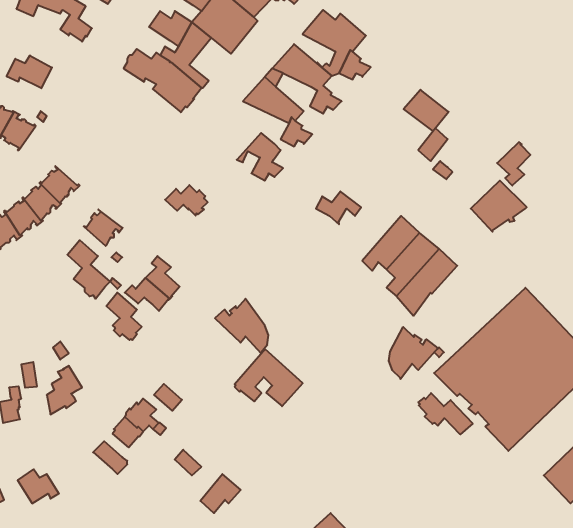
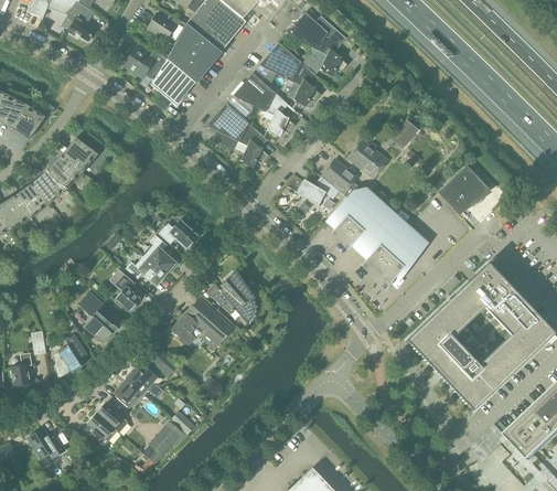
building: none -> [184,36,222,75]
building: [7,55,52,88] -> none
building: [404,90,449,131] -> [347,139,388,177]
building: none -> [206,103,249,147]
building: [497,142,530,186] -> none
building: none -> [321,158,357,190]
building: [165,185,208,216] -> [159,220,197,247]
building: none -> [330,189,376,238]
building: [84,209,123,246] -> [63,137,98,170]
building: [67,240,110,299] -> [78,290,117,343]
building: [389,327,438,379] -> none
building: [235,349,303,406] -> [172,297,234,349]
building: [418,393,473,434] -> none
building: none -> [88,412,118,445]
building: [200,474,241,513] -> [150,419,186,455]

